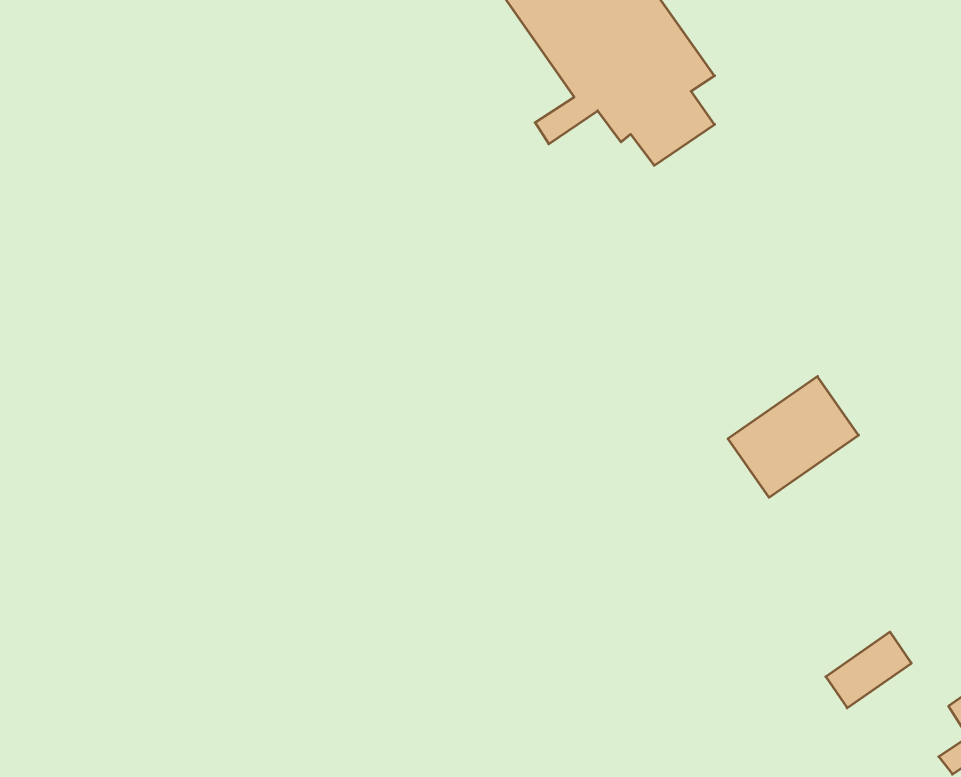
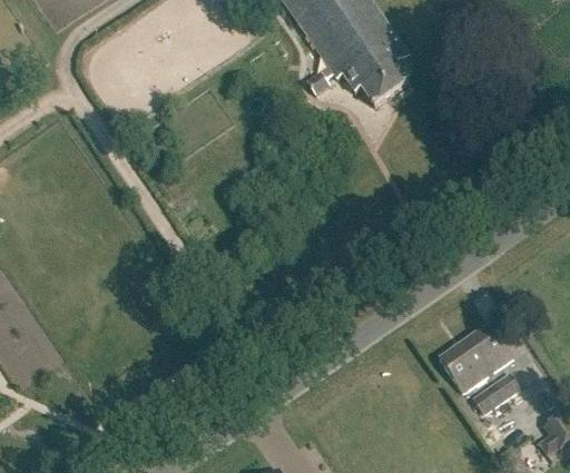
building: [728,376,859,497] -> [438,323,512,392]

